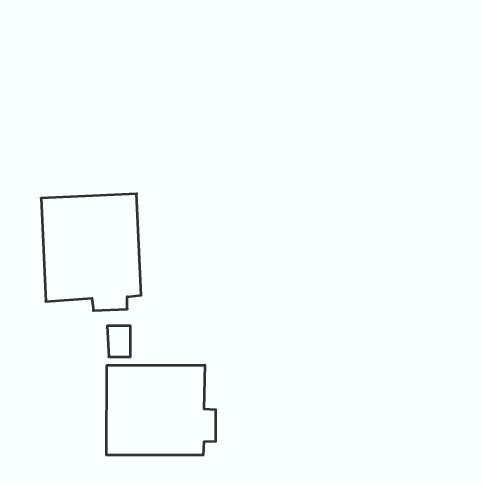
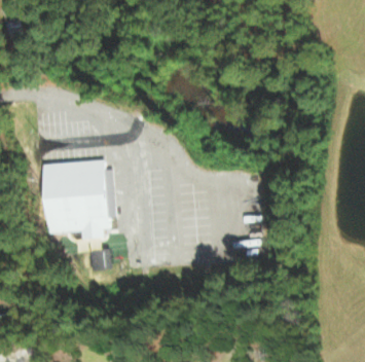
building: [107,365,216,455] -> none

